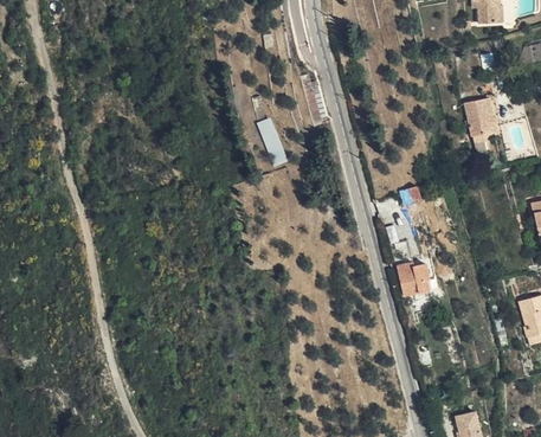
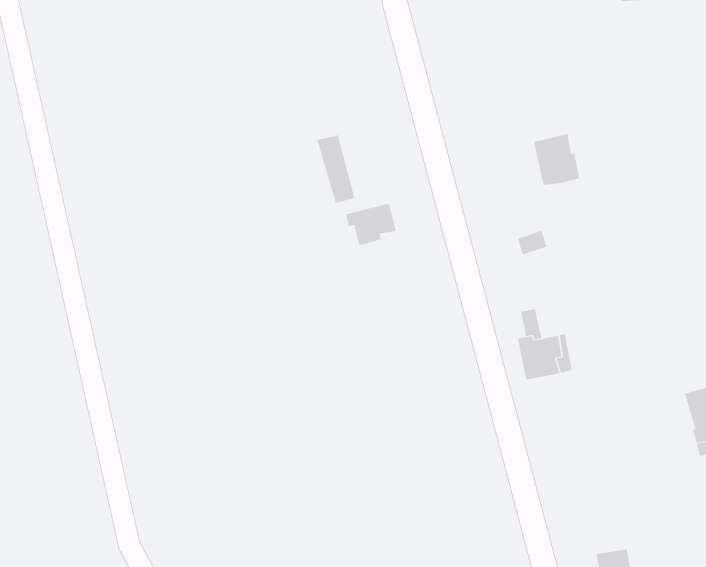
building: [465,101,498,139] -> [533,133,580,187]
building: none -> [346,203,397,246]

